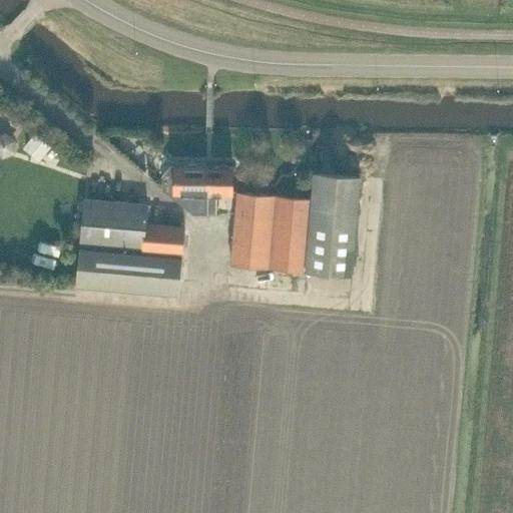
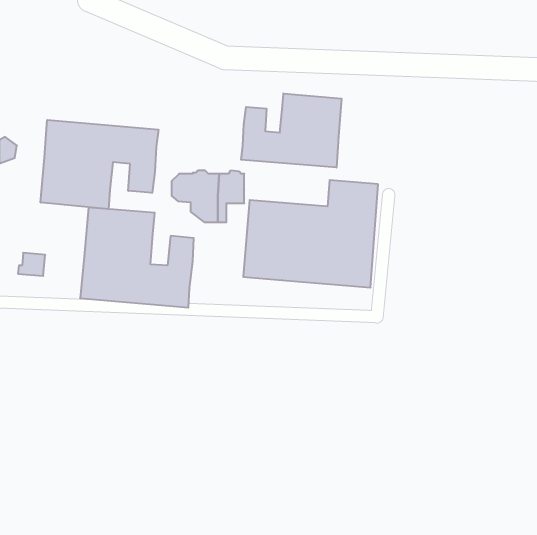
building: none -> [241,93,342,168]
building: none -> [41,120,158,209]

